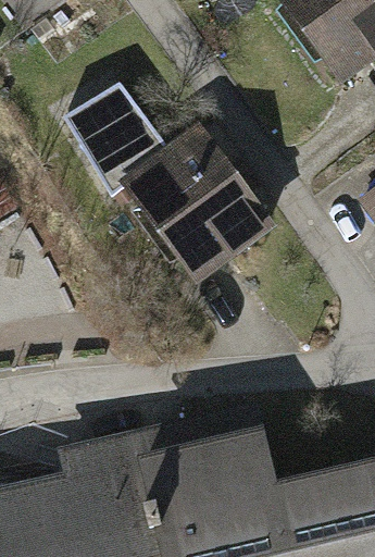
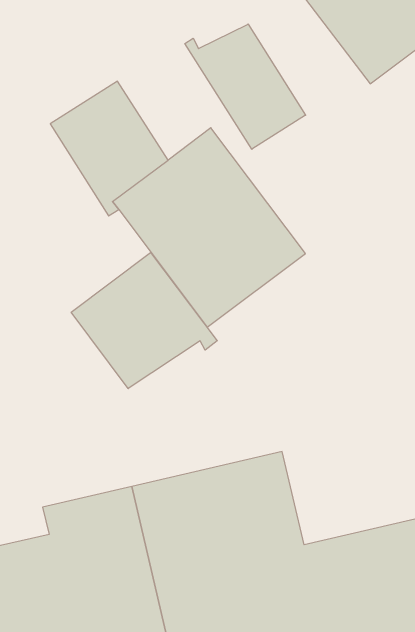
building: none -> [185,24,306,149]
building: none -> [71,252,217,389]

